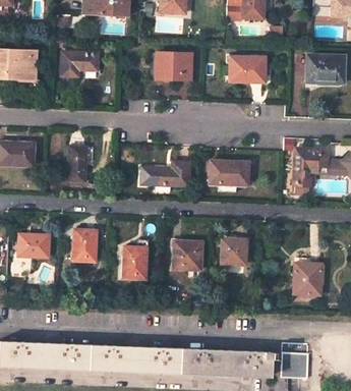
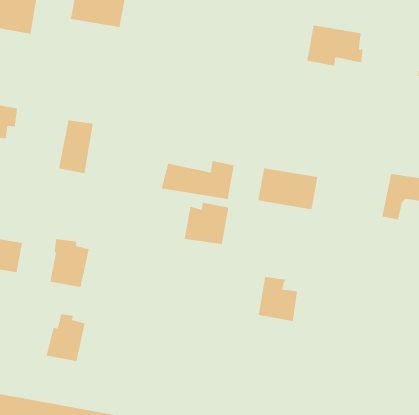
building: [156,53,191,79] -> none
building: [173,240,201,268] -> [184,202,229,245]
building: [122,246,147,278] -> [46,314,86,362]
building: [293,256,321,294] -> none

